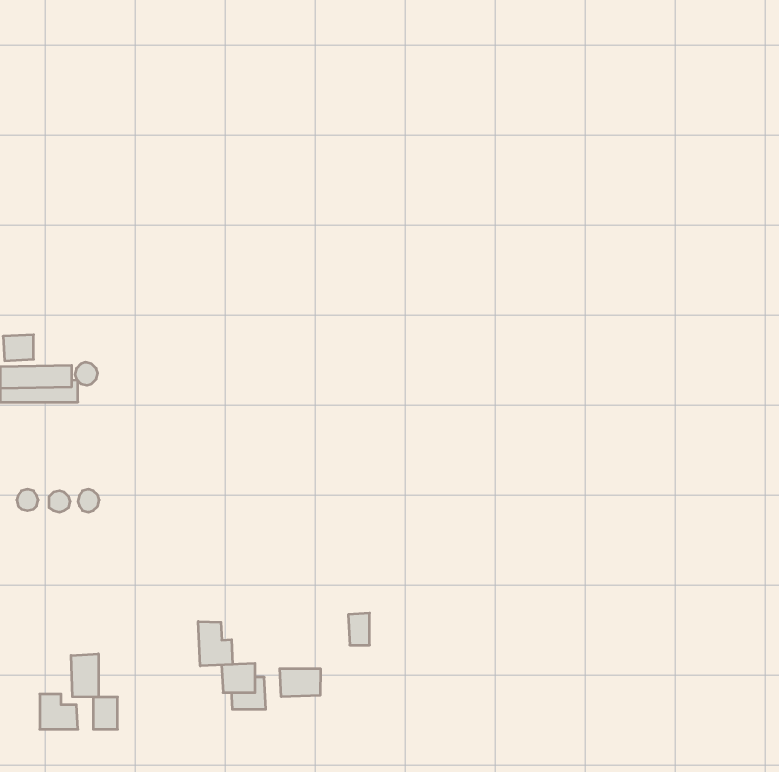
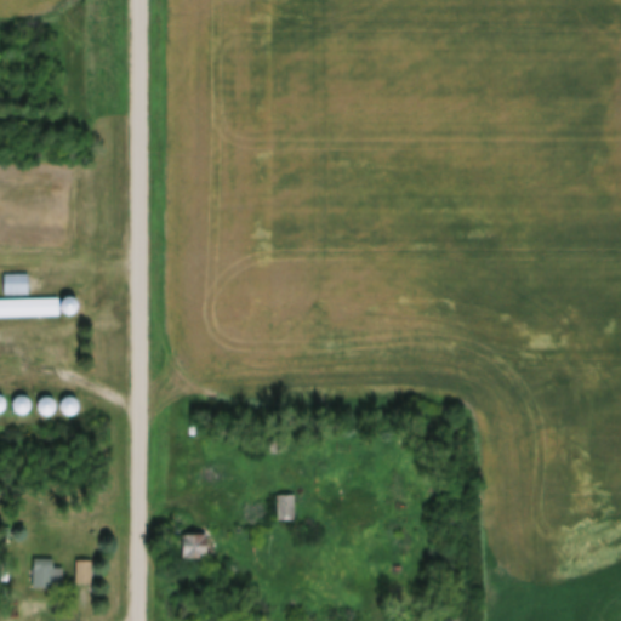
building: [198,621,233,666] -> none
building: [71,654,98,697] -> none
building: [280,669,320,697] -> none

